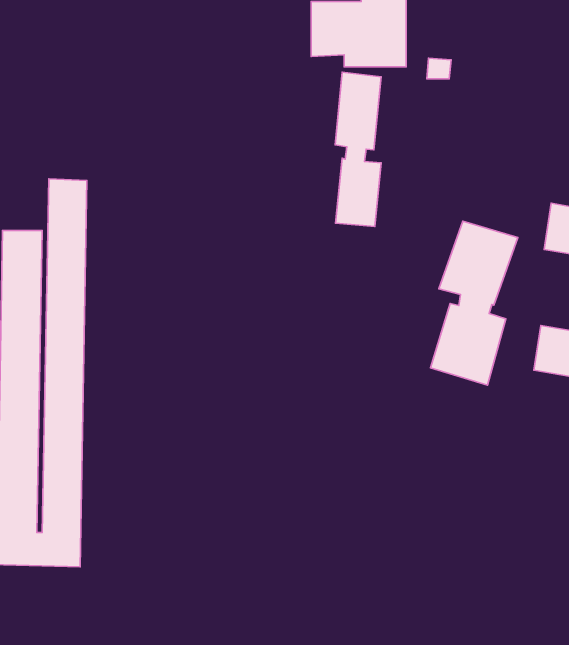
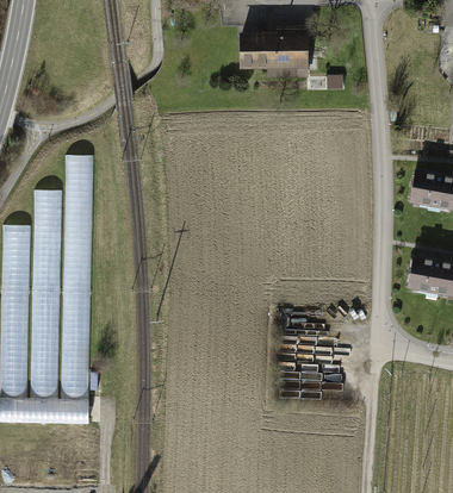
building: [335,72,381,227] -> none
building: [430,221,518,385] -> none

